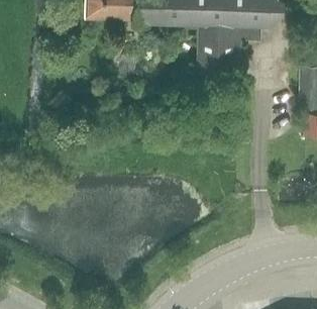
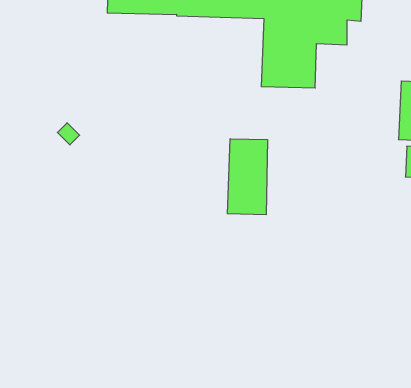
building: none -> [227,139,267,215]

